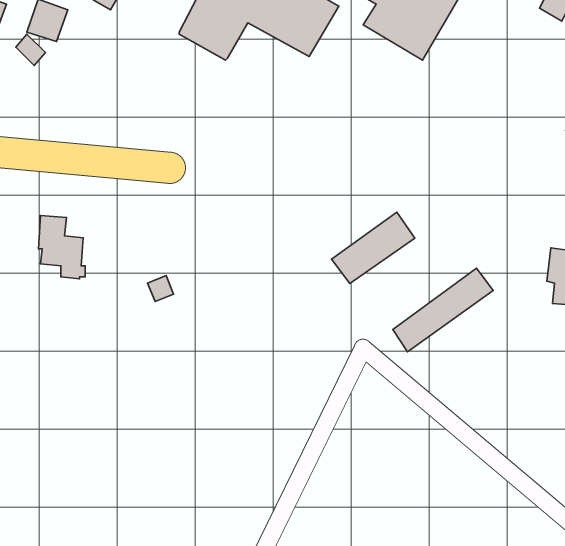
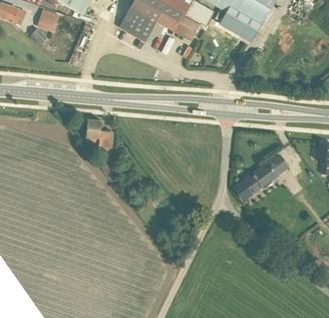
building: [331,212,415,284] -> none
building: [39,216,85,279] -> [86,118,111,152]

